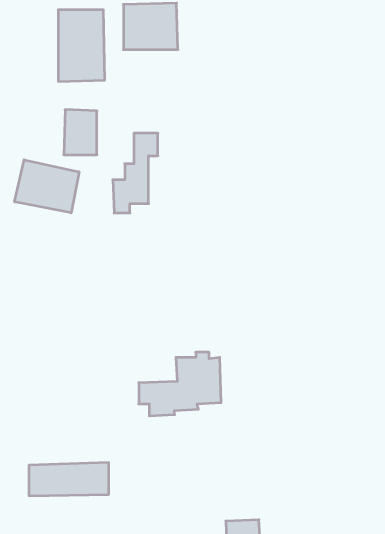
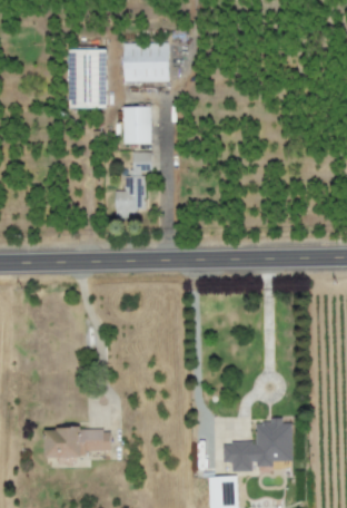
building: [64,110,97,155] -> [123,106,151,144]
building: [15,160,79,213] -> none
building: [139,352,221,416] -> [224,418,293,471]

